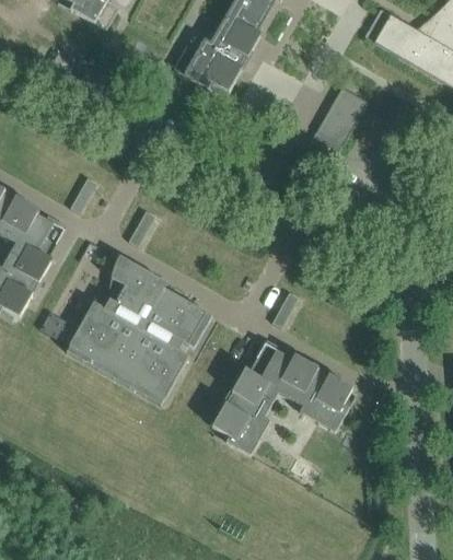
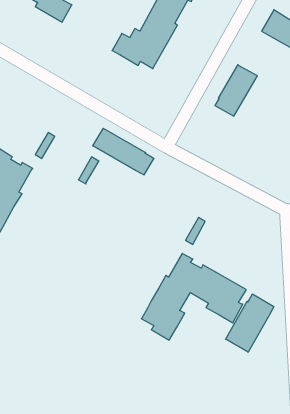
building: none -> [93,128,154,175]
building: [69,255,207,399] -> none
building: none -> [226,294,274,352]

